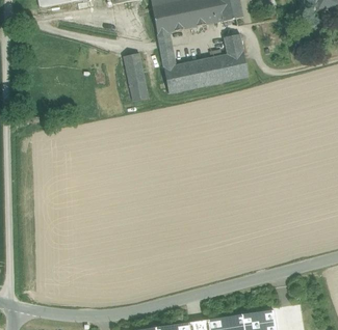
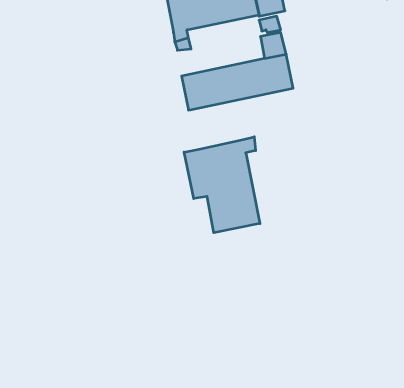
building: [123,52,148,101] -> none
building: none -> [184,137,260,233]

